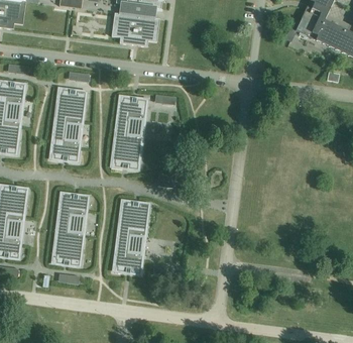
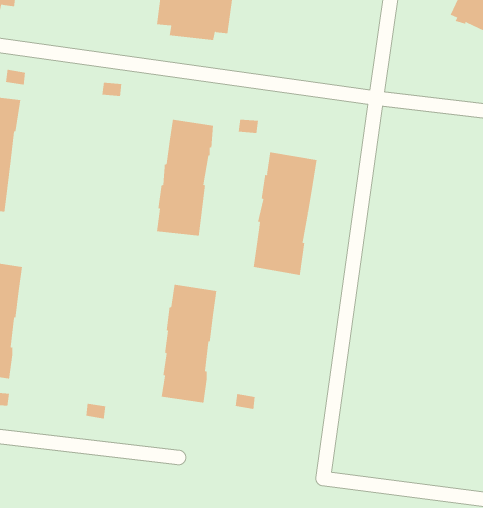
building: [51,88,87,161] -> none
building: none -> [253,151,317,276]
building: [52,192,89,265] -> none

